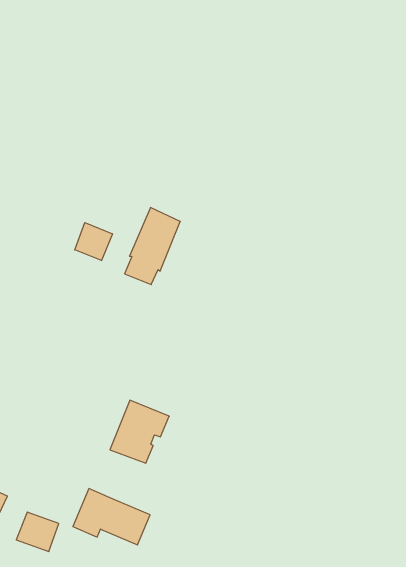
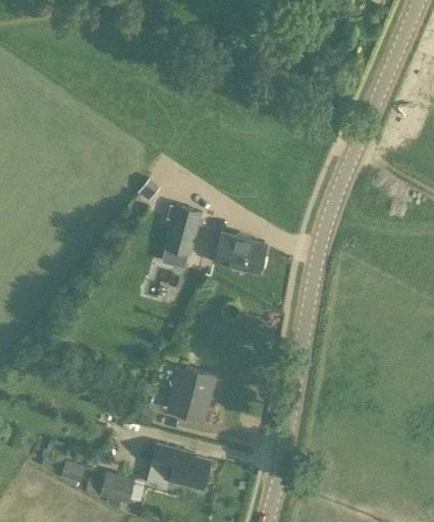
building: [75,223,112,261] -> none
building: none -> [215,232,266,273]

